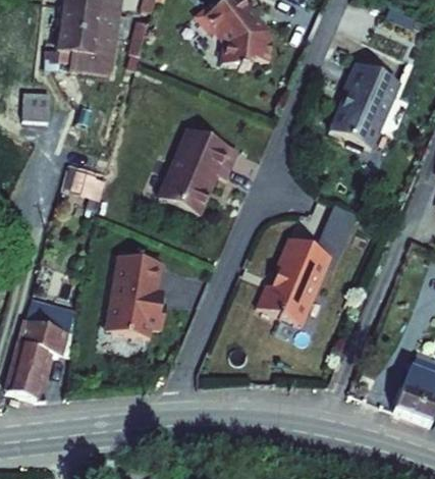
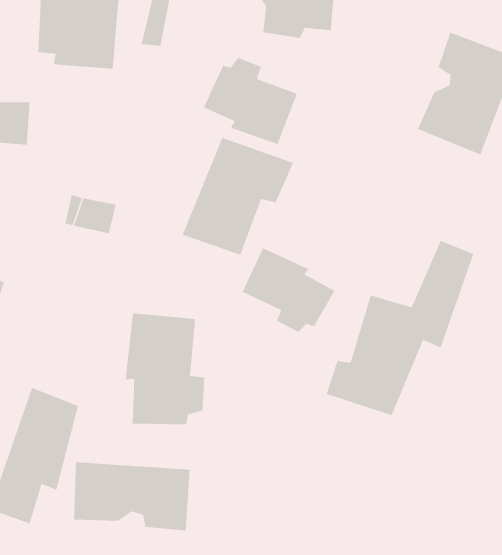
building: none -> [203,57,297,145]
building: none -> [242,248,335,332]
building: none -> [74,462,190,531]

